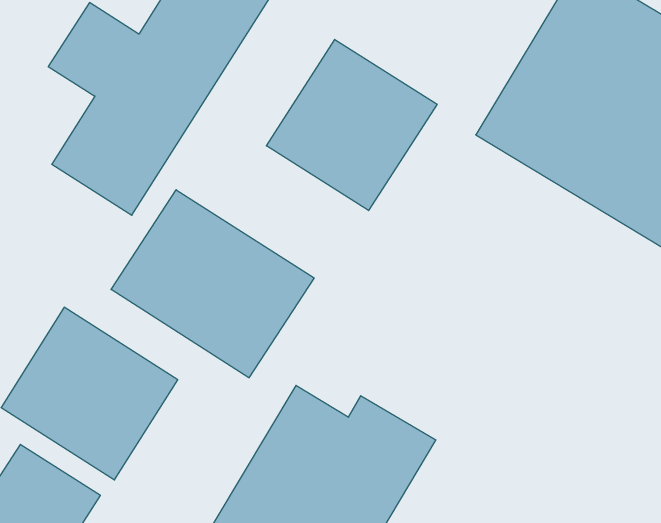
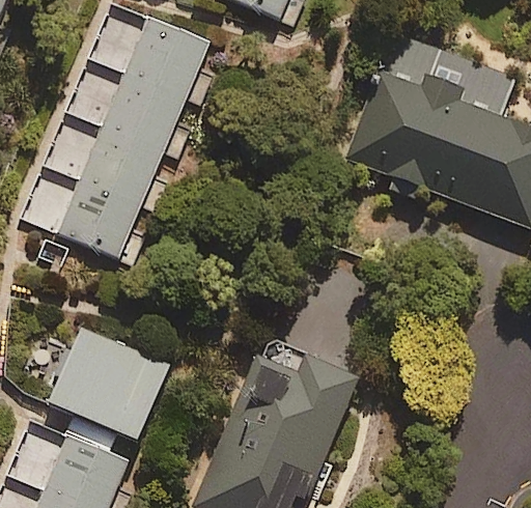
building: [266,39,437,211] -> none
building: [111,190,314,378] -> none

